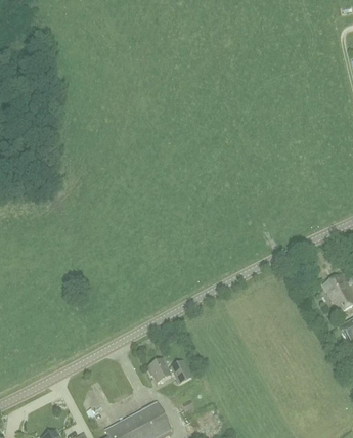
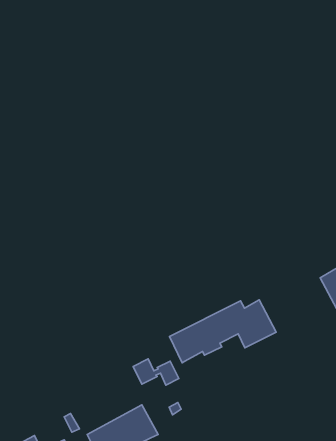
building: none -> [169,300,276,363]

